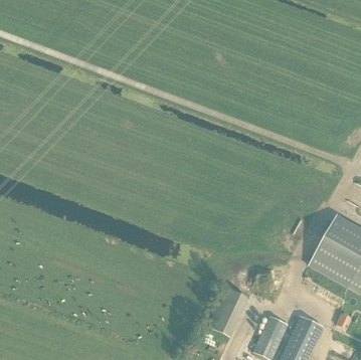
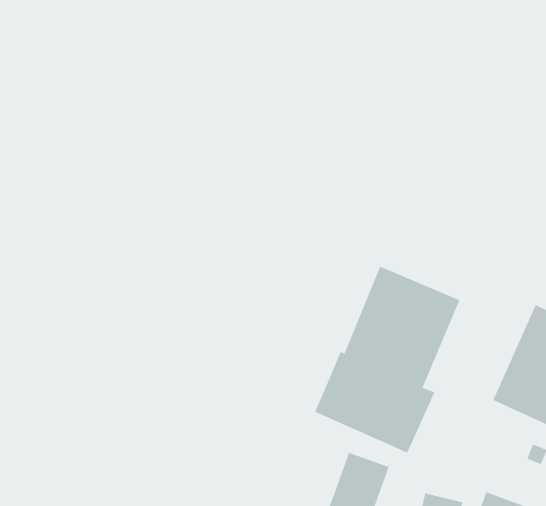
building: none -> [314,266,460,454]

